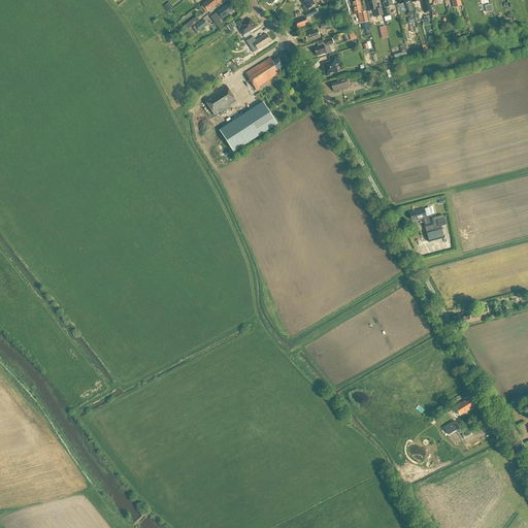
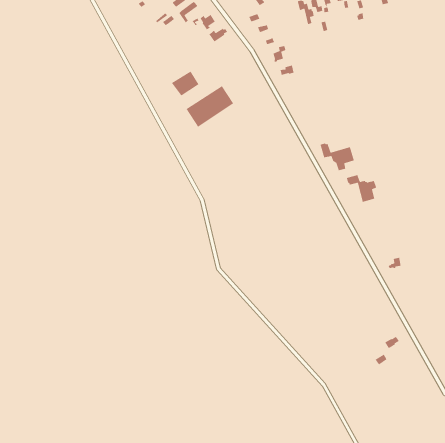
building: [245,56,283,90] -> none
building: none -> [319,143,355,171]

